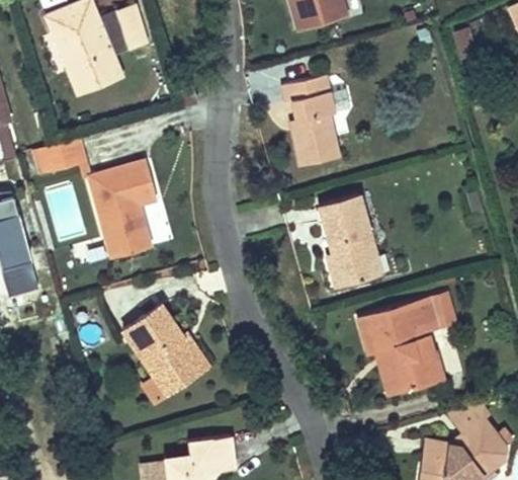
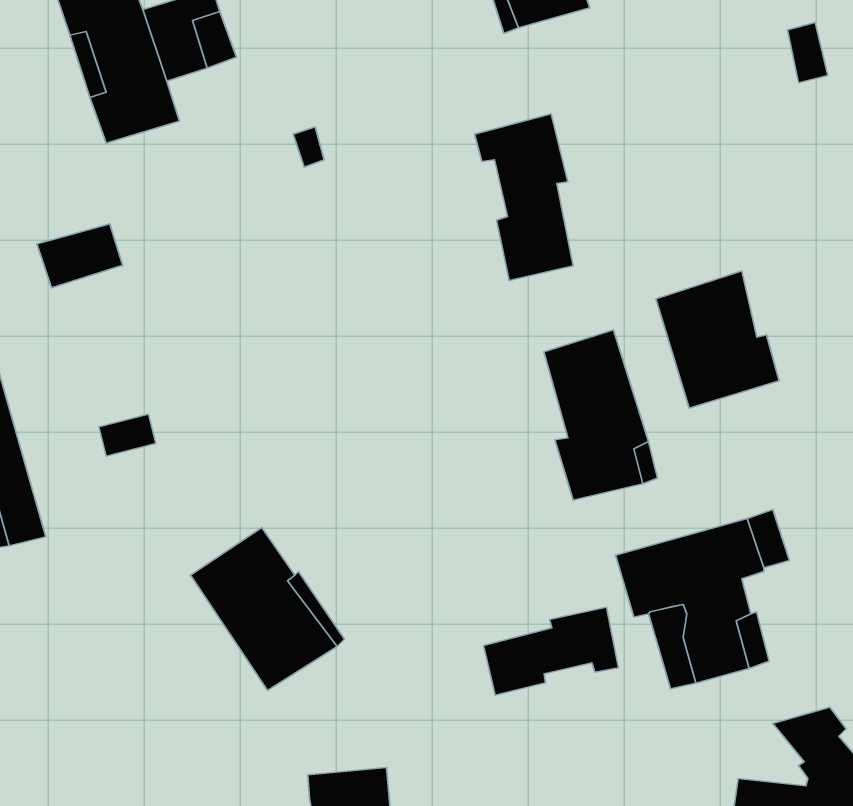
building: [93,159,155,257] -> none
building: none -> [656,271,779,408]
building: none -> [484,607,618,695]

